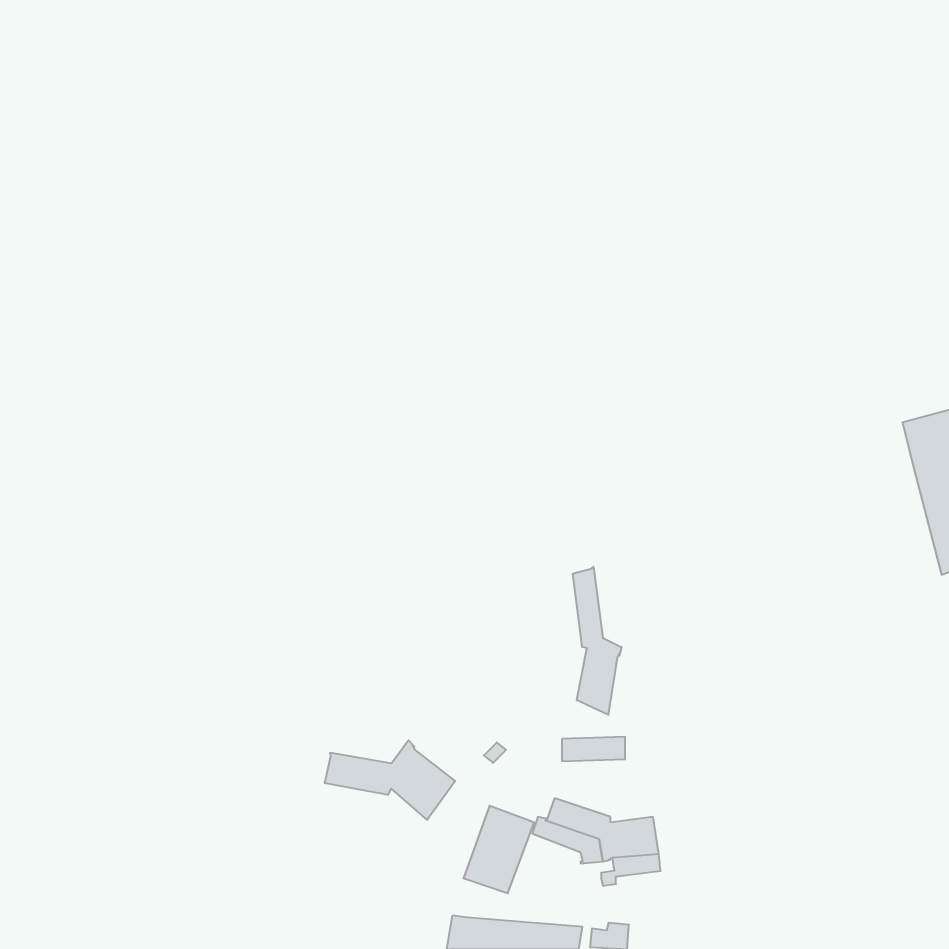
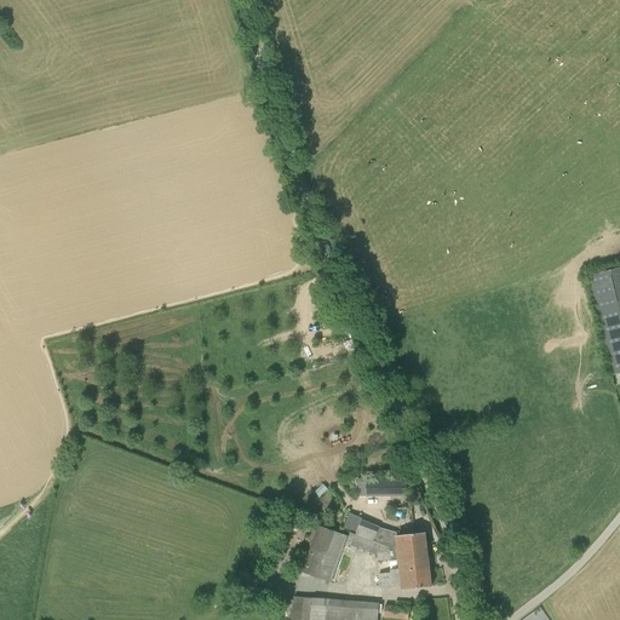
building: [573,567,622,715] -> none
building: [325,740,455,820] -> none
building: none -> [380,567,432,589]

